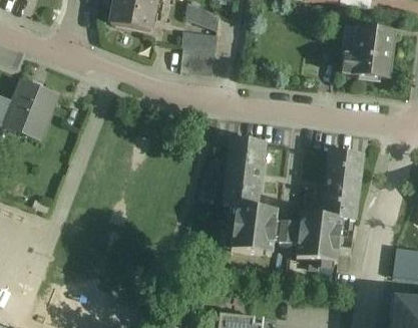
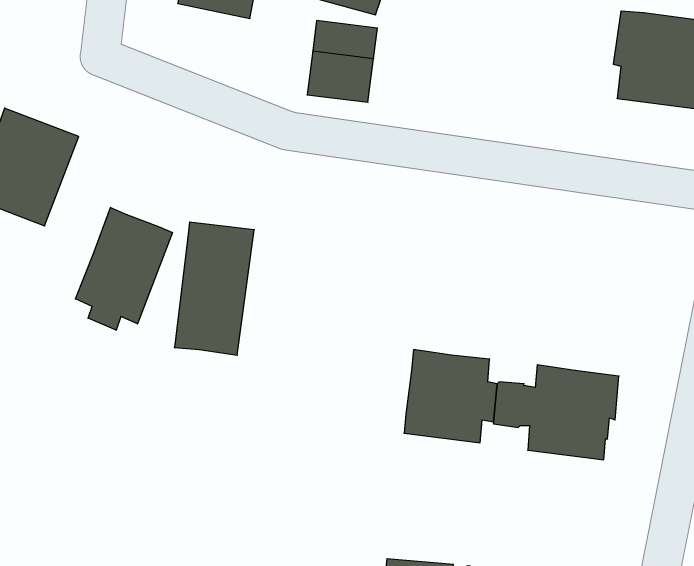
building: none -> [75,207,173,330]
building: [223,137,265,208] -> [174,222,254,355]
building: [321,149,362,220] -> none

